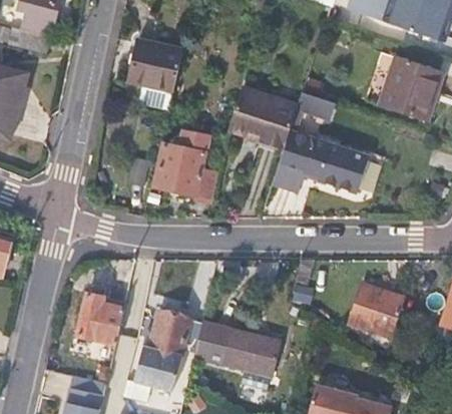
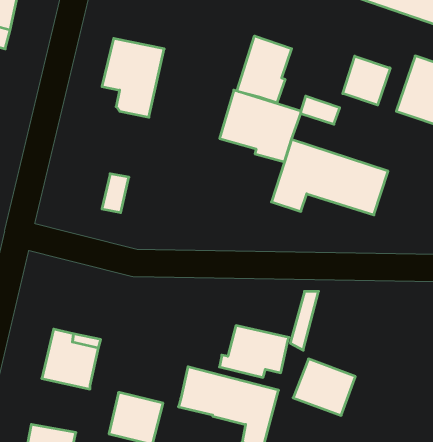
building: none -> [237,36,292,103]
building: none -> [343,56,390,105]
building: [155,129,218,202] -> none
building: [349,289,402,337] -> [293,359,355,415]
building: [143,309,202,353] -> [219,326,289,377]

